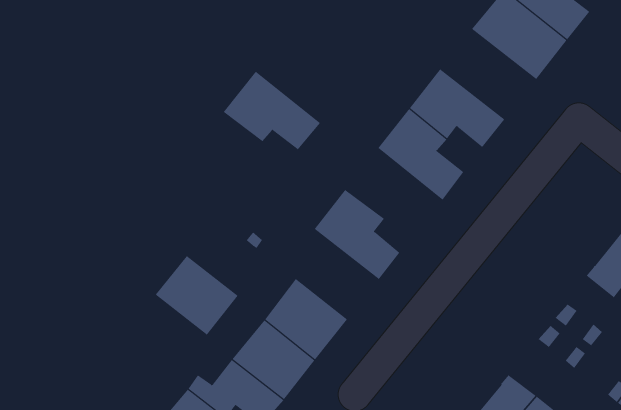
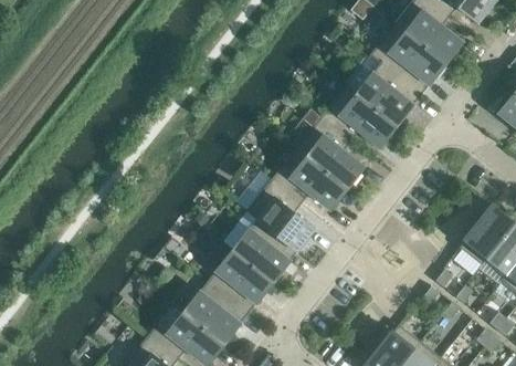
building: none -> [345,55,420,126]
building: [223,71,321,150] -> [271,148,347,210]
building: [155,245,238,336] -> [232,211,297,282]

